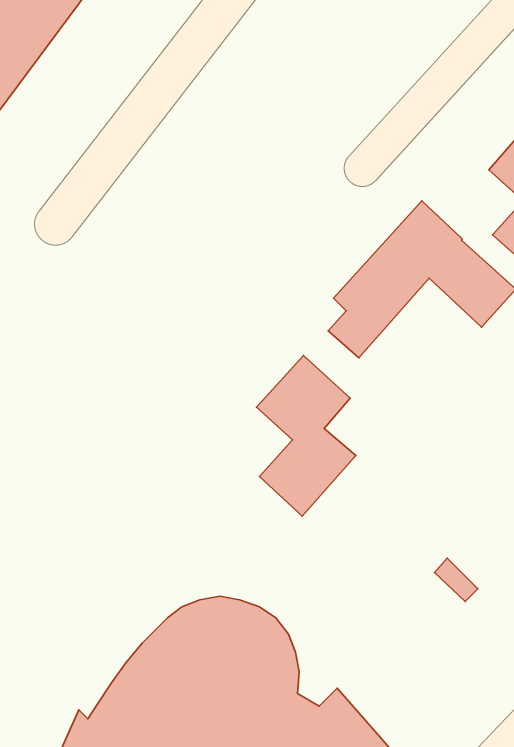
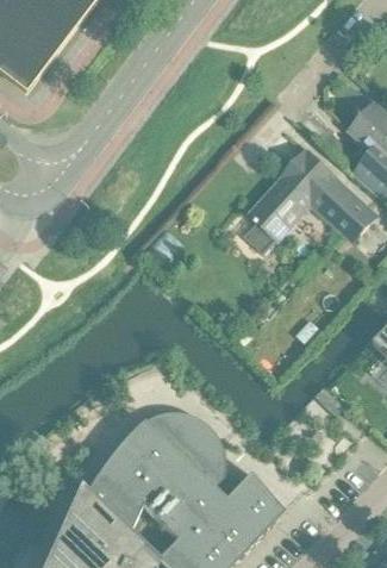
building: [256,355,356,516] -> none

